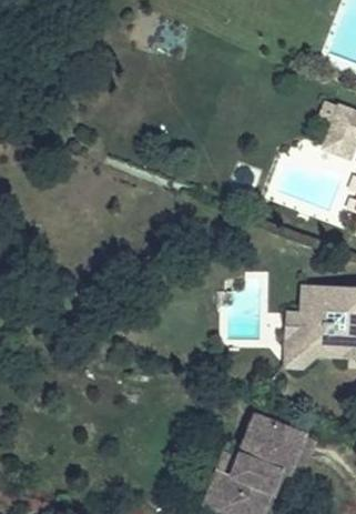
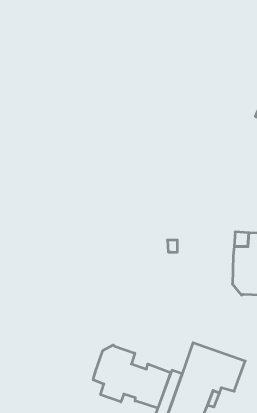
building: [279,312,308,369] -> none
building: none -> [93,345,171,408]

